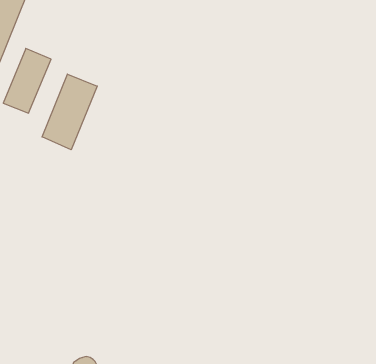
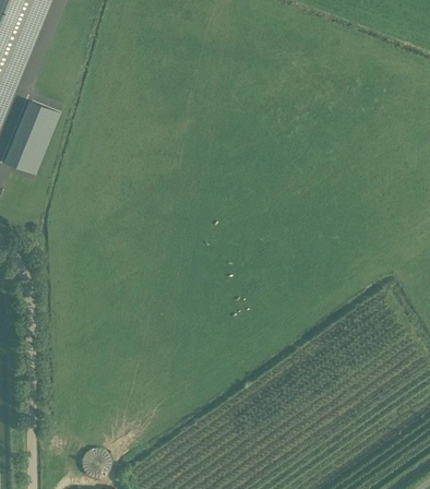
building: [42,74,97,150] -> none

